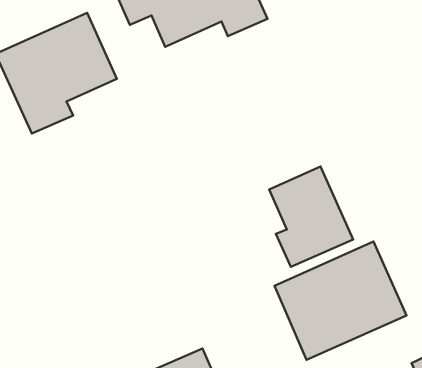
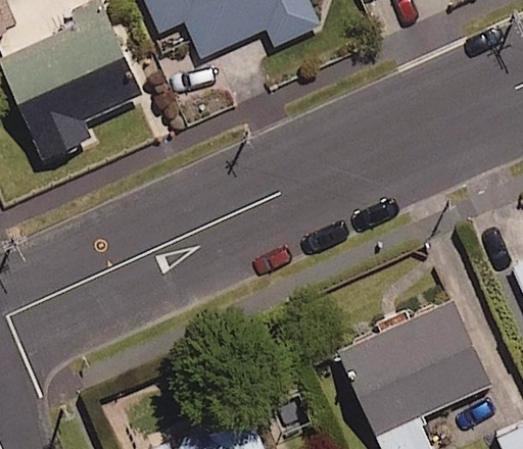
building: [269,167,353,267] -> none

